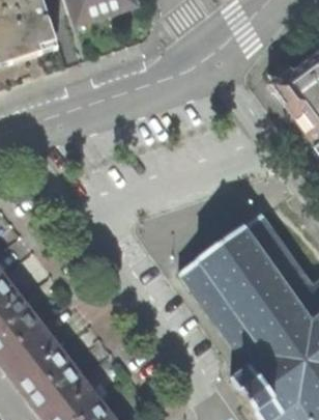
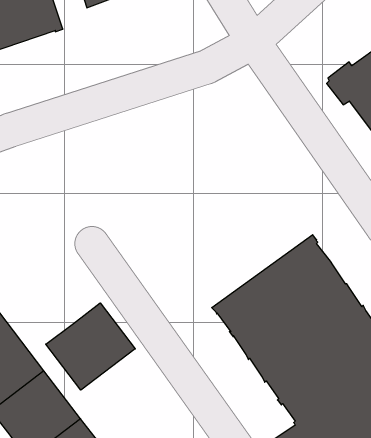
building: none -> [46,303,135,390]

